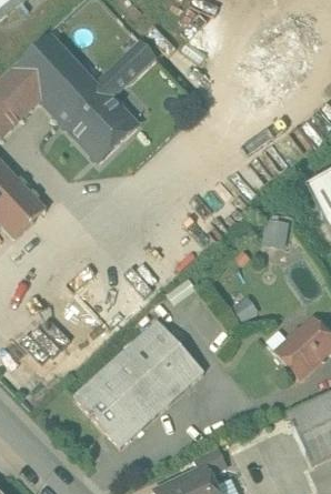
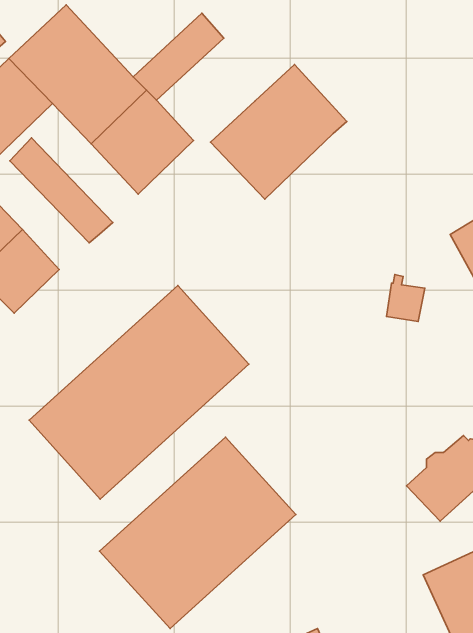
building: none -> [211,64,347,199]
building: none -> [10,138,113,243]
building: none -> [29,286,249,499]

